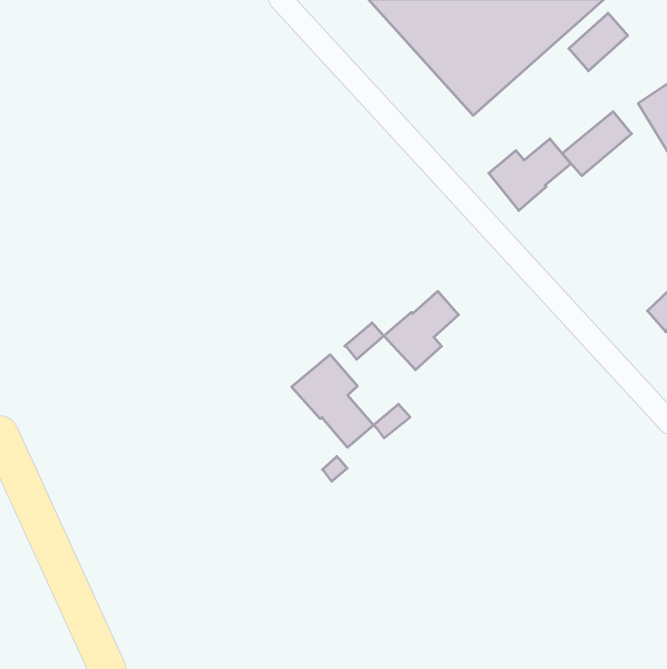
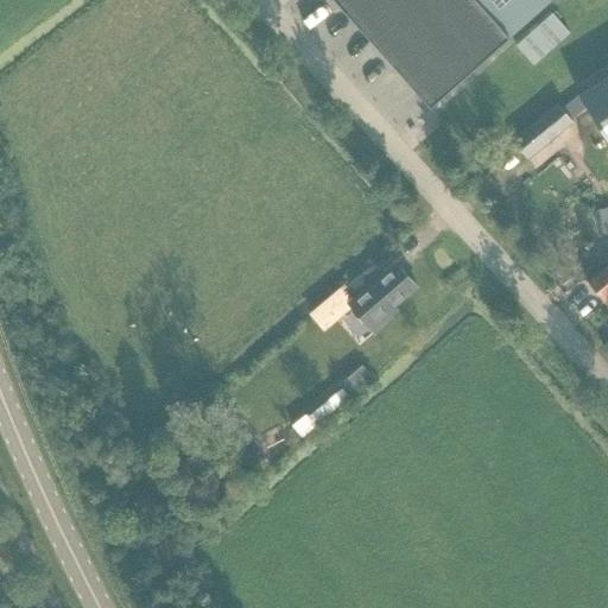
building: [489,139,571,211] -> none
building: [292,355,373,447] -> none

